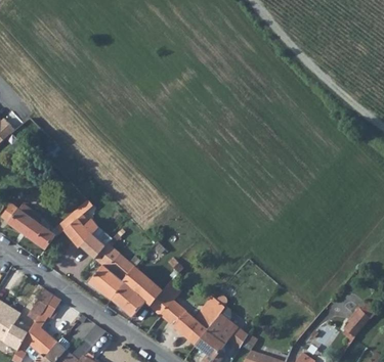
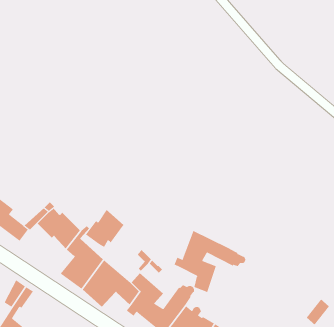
building: none -> [85,209,124,248]
building: none -> [174,230,246,293]

